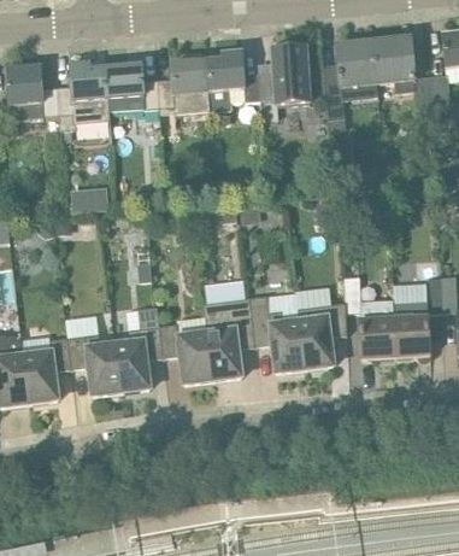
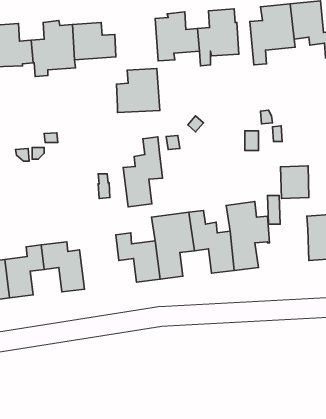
building: [158,58,211,112] -> [116,68,160,113]
building: [114,304,163,390] -> [123,137,163,207]
building: [360,316,395,356] -> [280,166,309,198]

